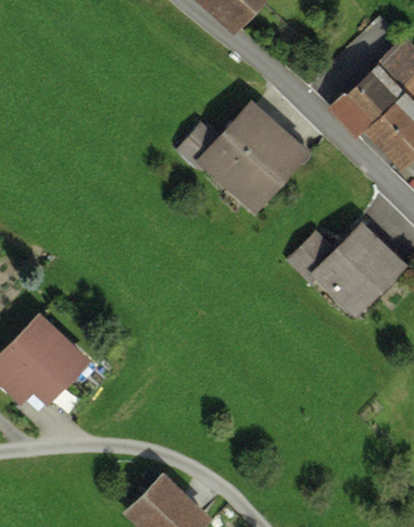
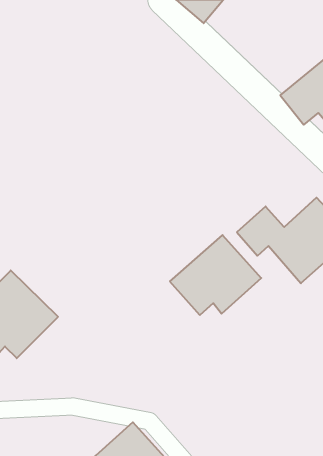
building: [177,103,309,212] -> none
building: none -> [170,235,261,315]

